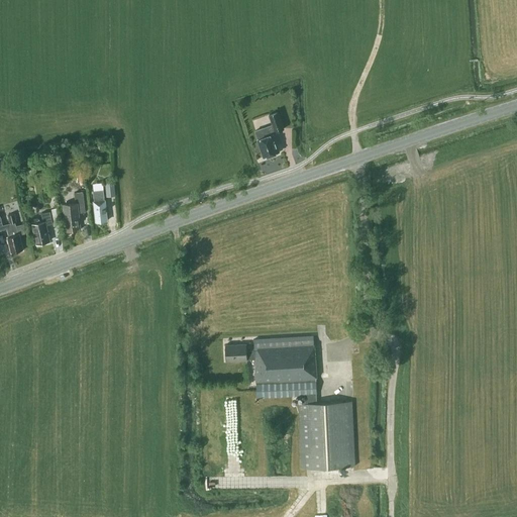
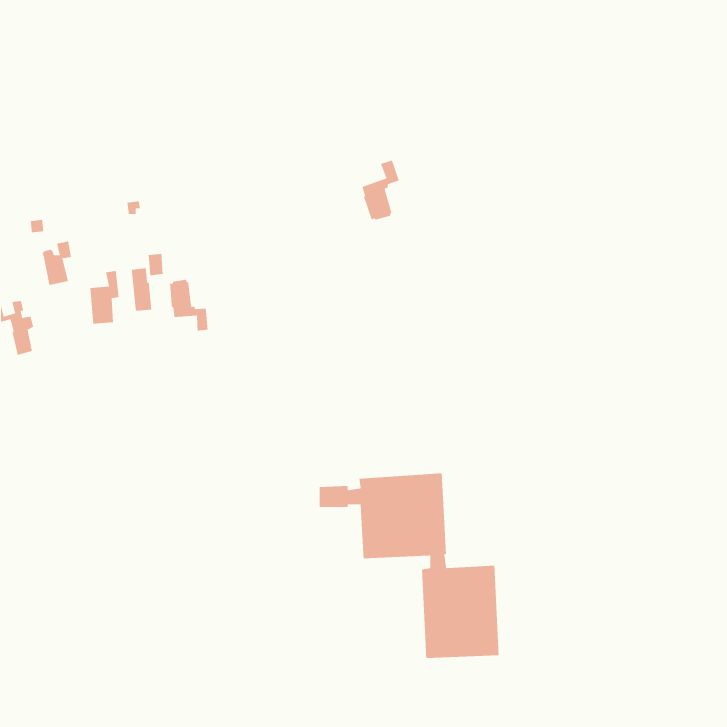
building: none -> [169,279,209,331]
building: [31,212,53,244] -> [42,240,72,286]

